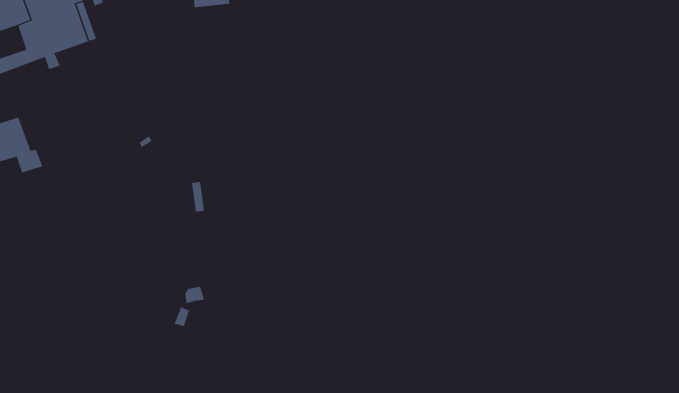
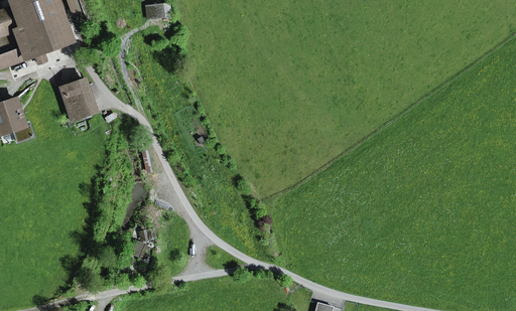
building: none -> [59,79,95,121]

